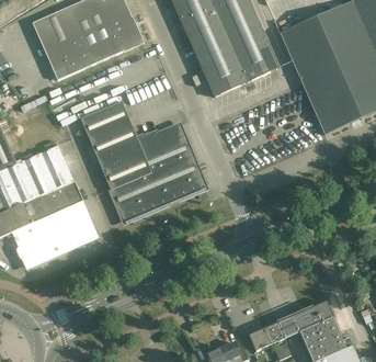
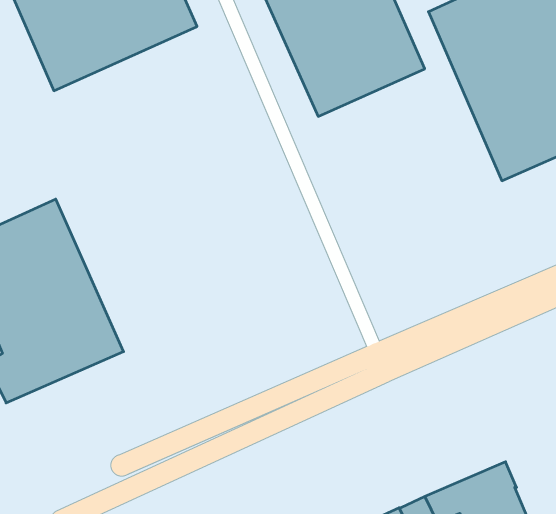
building: [81,100,206,222] -> none

